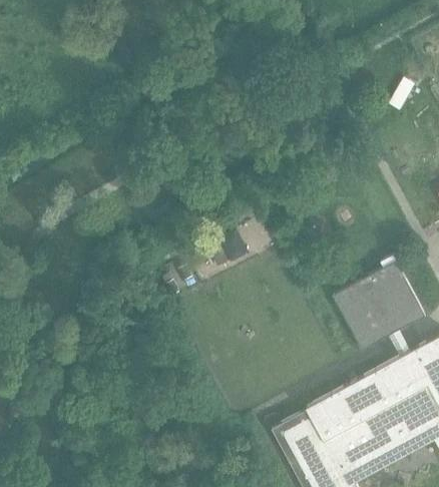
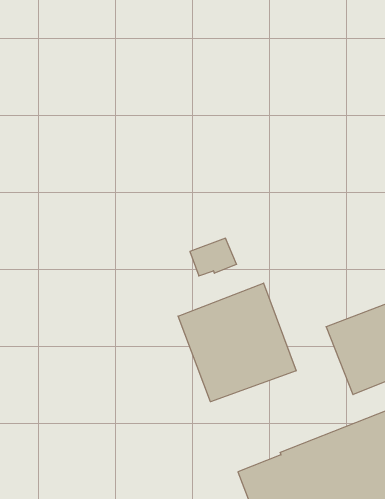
building: none -> [178,283,296,402]

